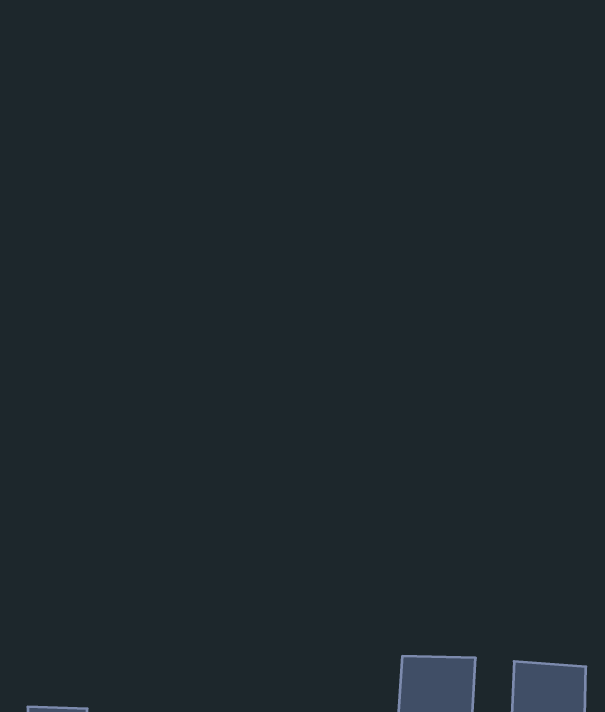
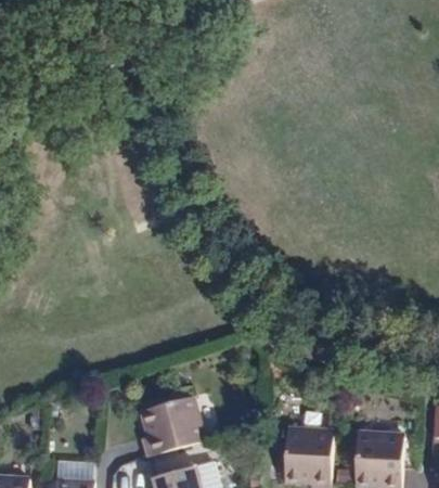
building: none -> [146,404,203,455]

